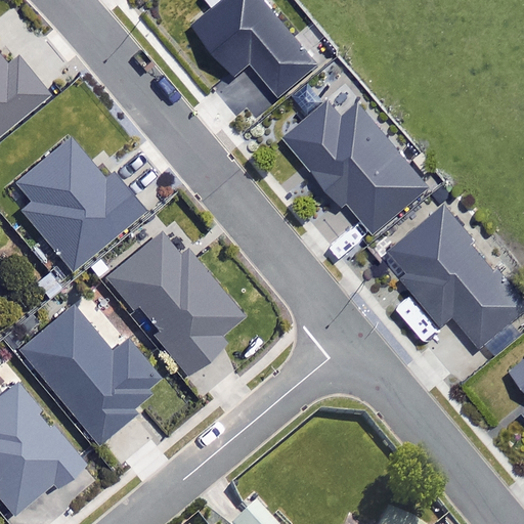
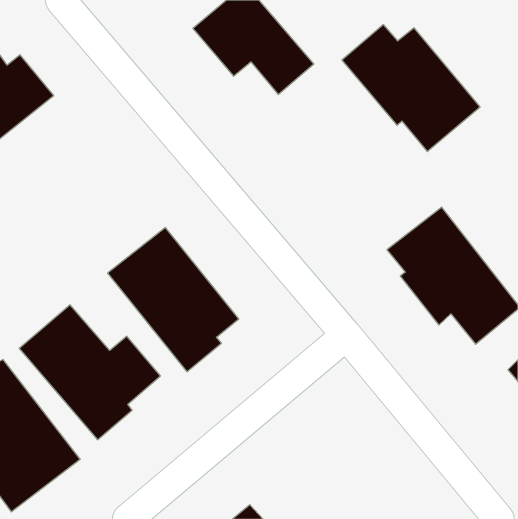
building: [287,104,426,232] -> [342,25,480,152]
building: [11,133,144,273] -> none

